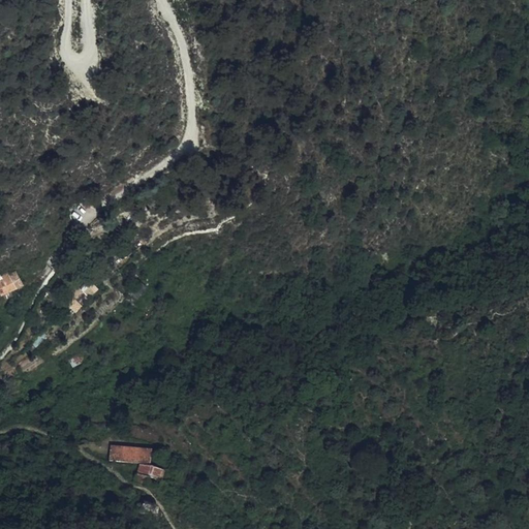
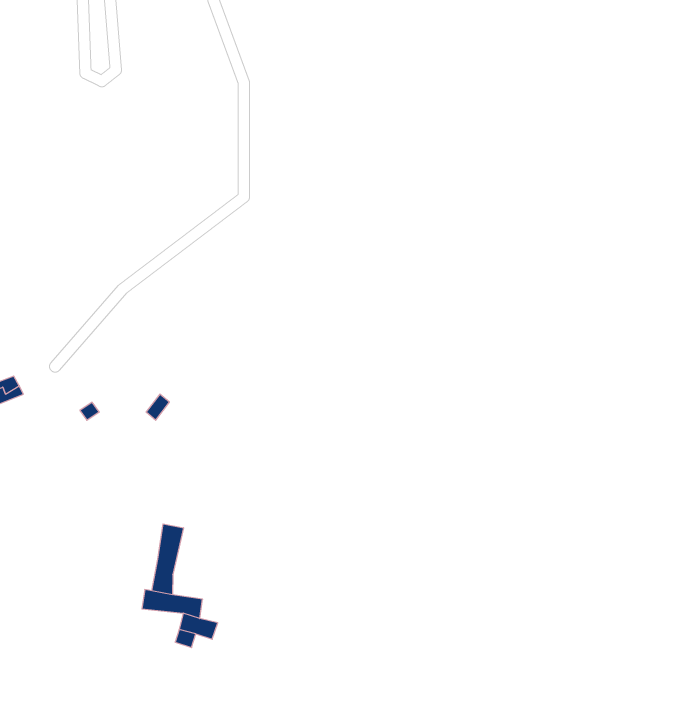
building: none -> [152,524,183,595]

